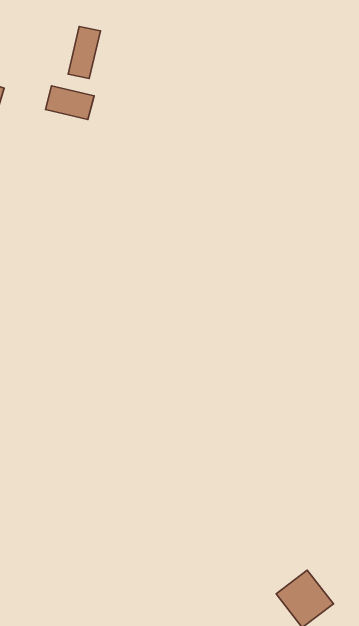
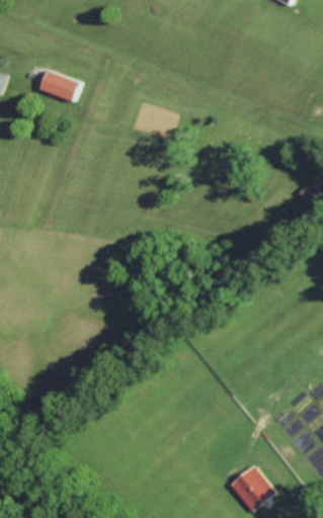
building: [68,27,100,78] -> none

